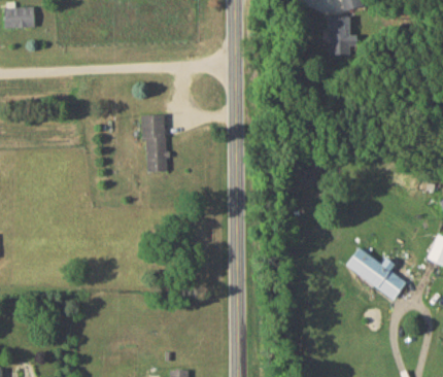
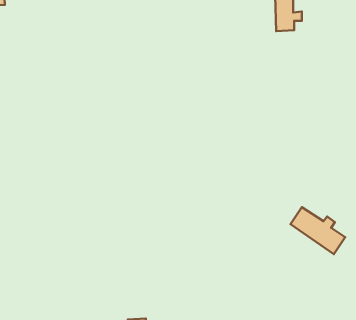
building: [141,114,167,172] -> none

